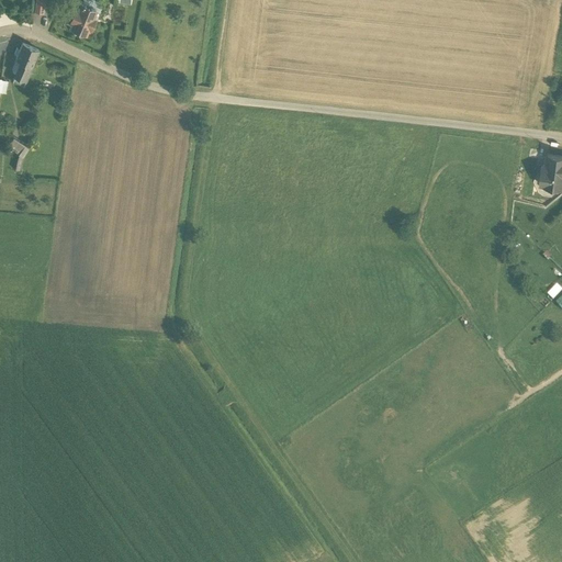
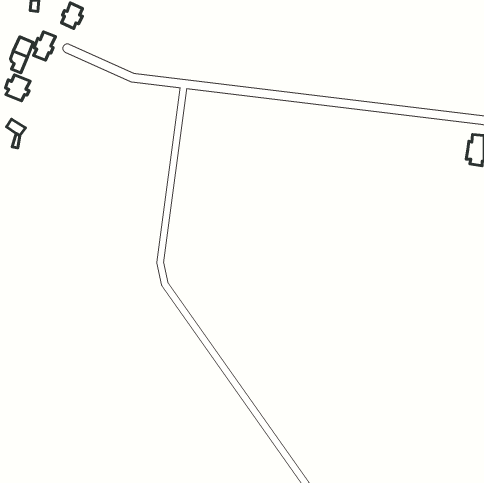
building: none -> [34,32,56,60]
building: none -> [5,75,30,101]

